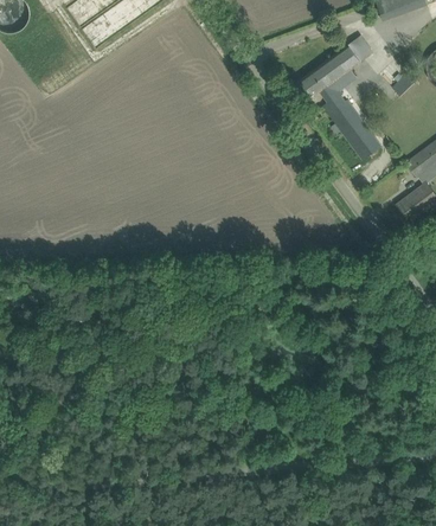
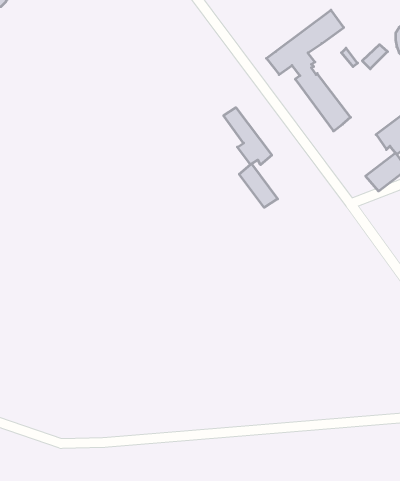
building: none -> [224,108,278,207]

